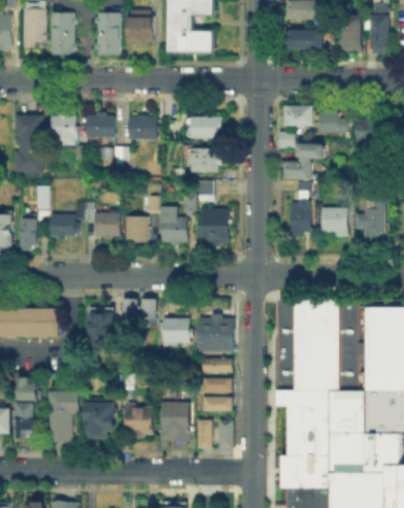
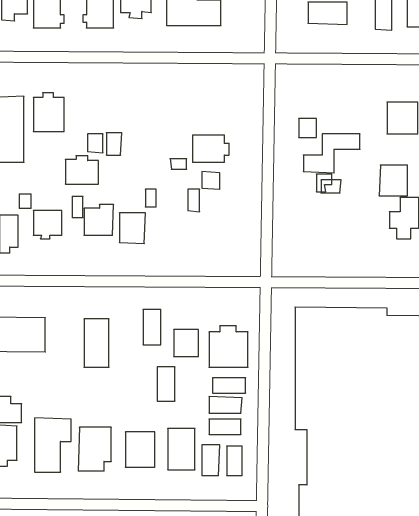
building: [283,104,314,124] -> none
building: [318,110,347,131] -> none
building: [85,111,113,136] -> [65,156,98,184]
building: [127,114,155,138] -> none
building: [189,115,220,137] -> none
building: [160,205,186,242] -> none
building: [291,205,311,237] -> none
building: [198,207,226,245] -> none
building: [323,209,347,236] -> [379,165,407,196]
building: [124,301,139,331] -> [157,367,175,401]

